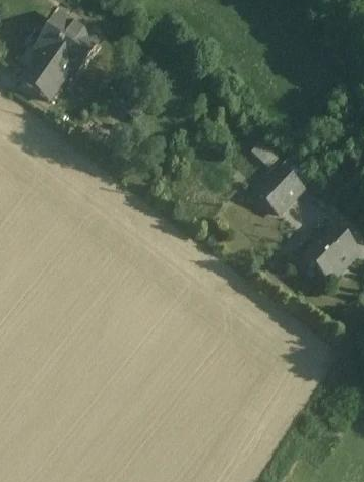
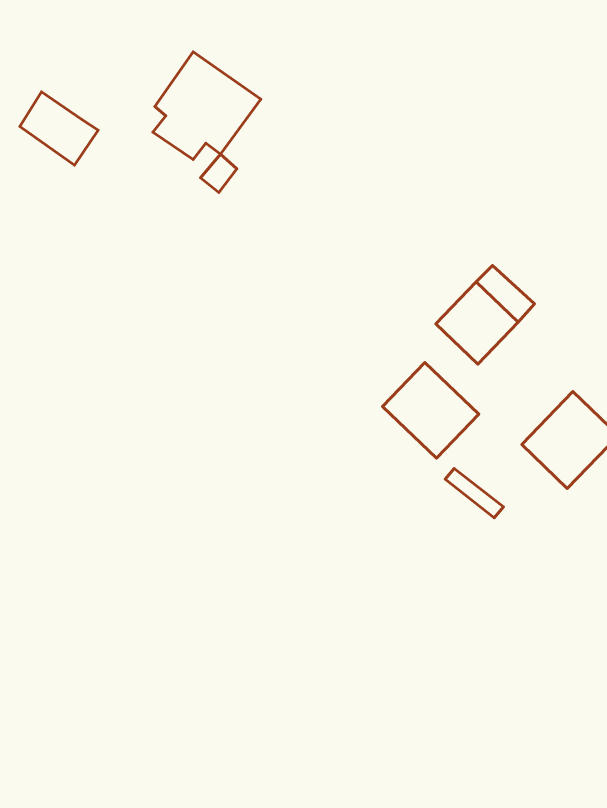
building: [36,14,96,74] -> [153,52,261,160]
building: none -> [383,363,479,458]

